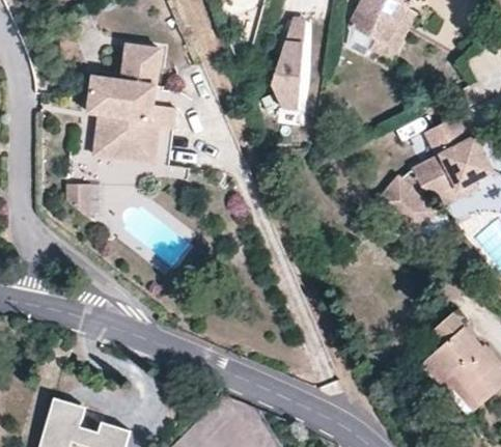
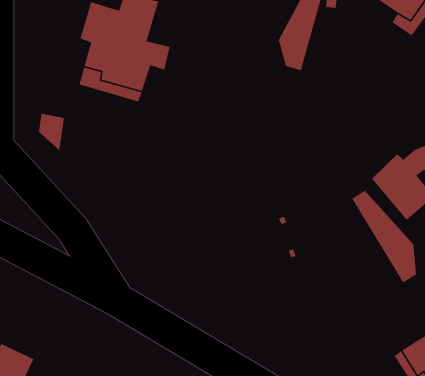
building: none -> [351,190,417,283]

